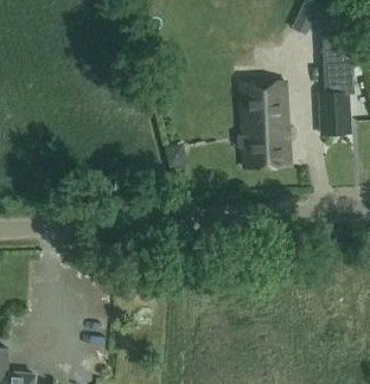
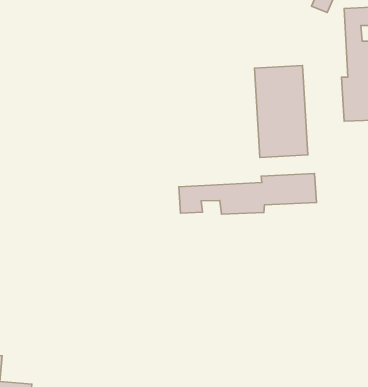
building: none -> [179,174,316,214]

